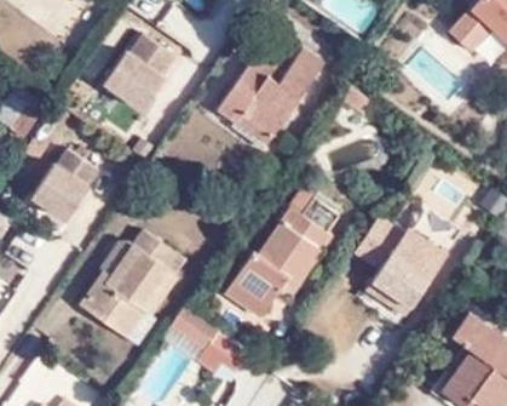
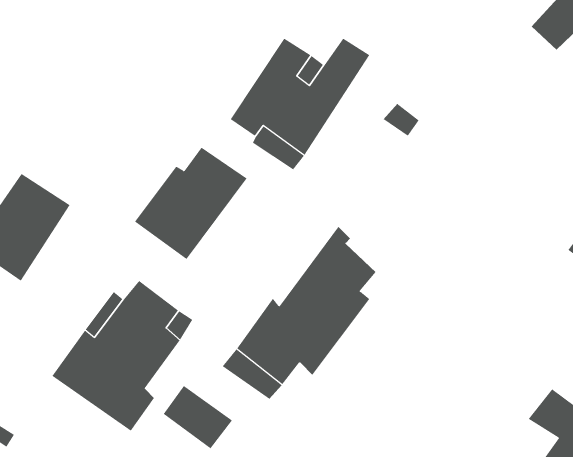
building: [91,33,177,119] -> [134,147,247,260]
building: [352,216,446,309] -> none

